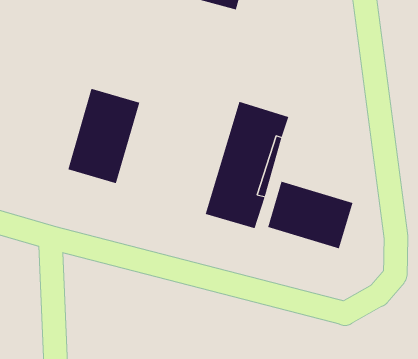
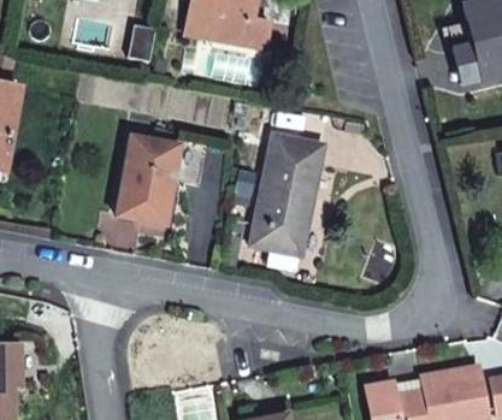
building: [267,181,353,249] -> none

